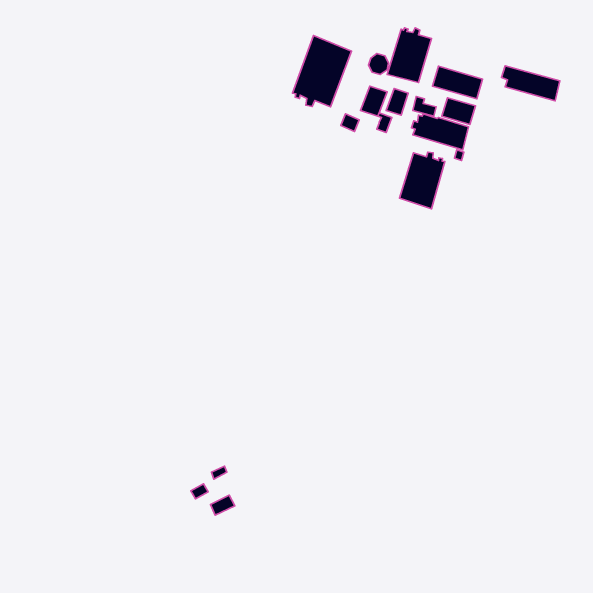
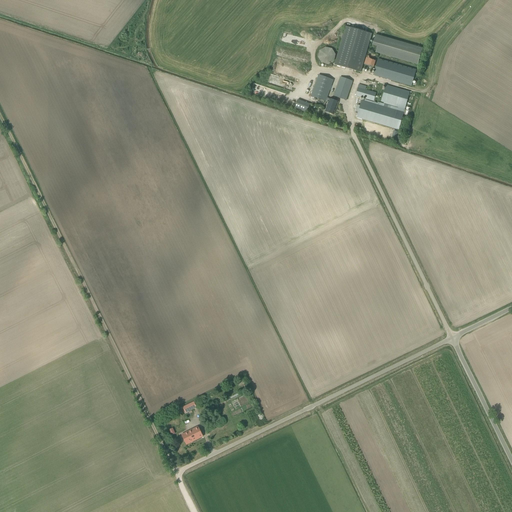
building: [292,35,352,107] -> none
building: [502,66,560,101] -> [371,34,421,64]
building: [400,152,445,209] -> none

